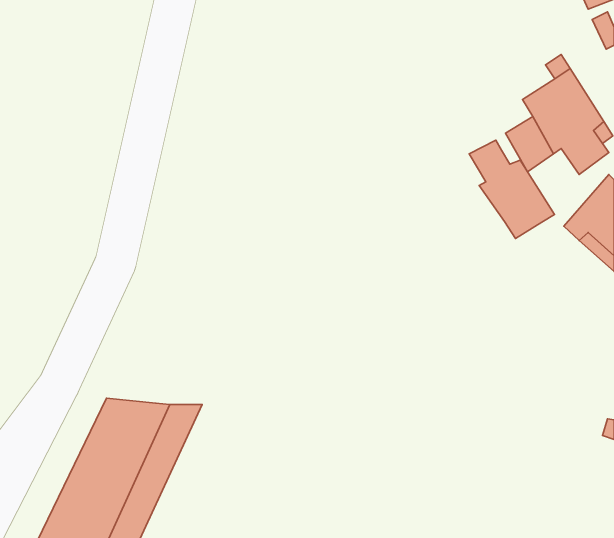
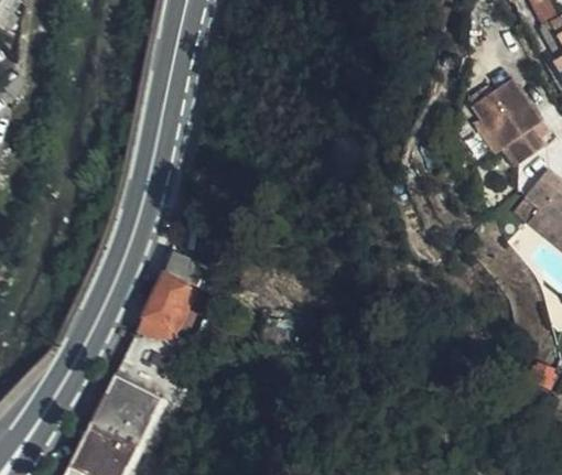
building: [469,140,555,239] -> none
building: none -> [125,271,190,358]

